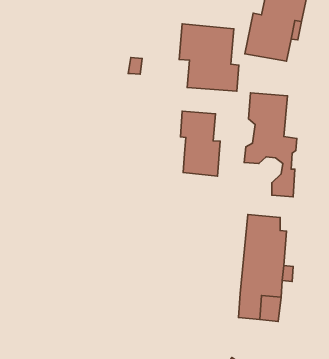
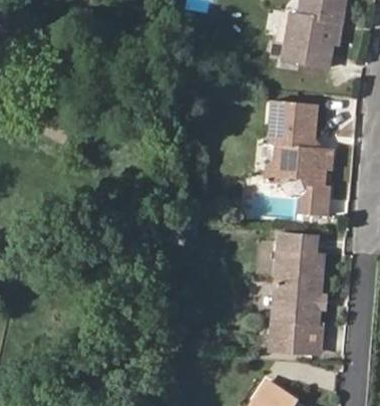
building: [179,24,239,91] -> none
building: [181,111,220,176] -> none

